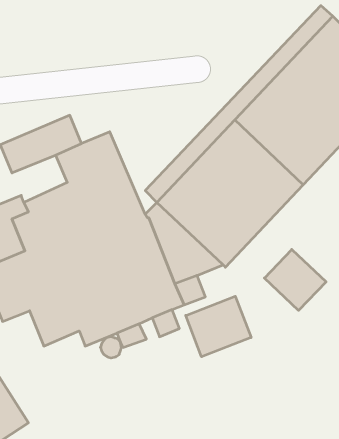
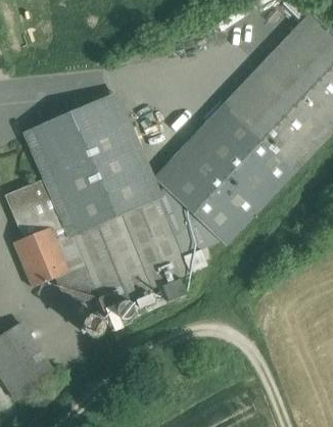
building: none -> [90,99,125,134]
building: none -> [40,144,88,185]
building: [264,249,326,310] -> none
building: [186,296,251,357] -> none

